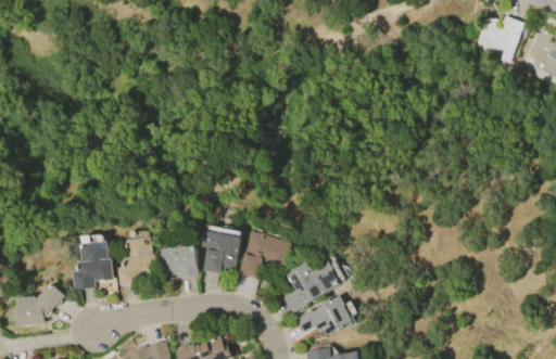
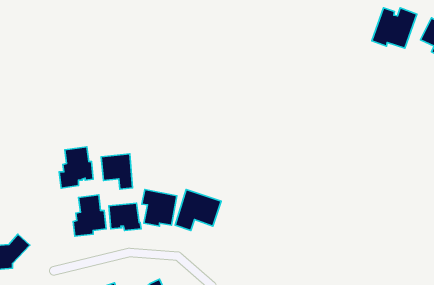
building: none -> [101,154,133,189]
building: [73,241,113,290] -> [59,147,93,188]
building: [282,259,340,312] -> none
building: [295,295,354,335] -> none

